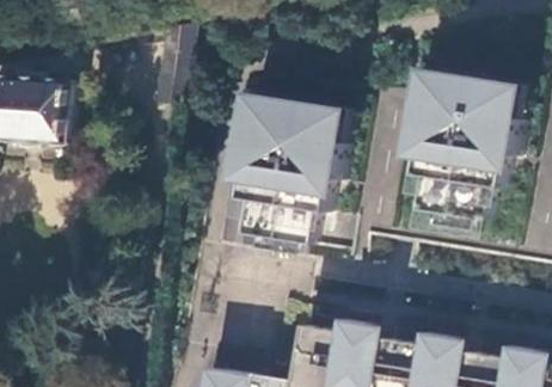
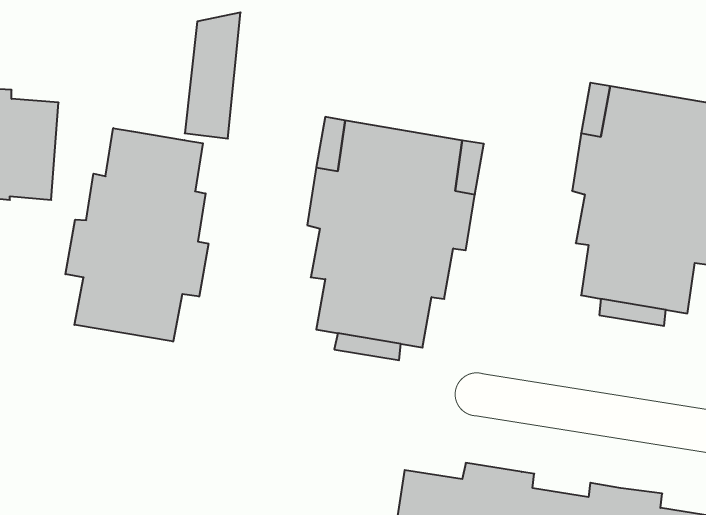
building: none -> [65,128,208,342]

